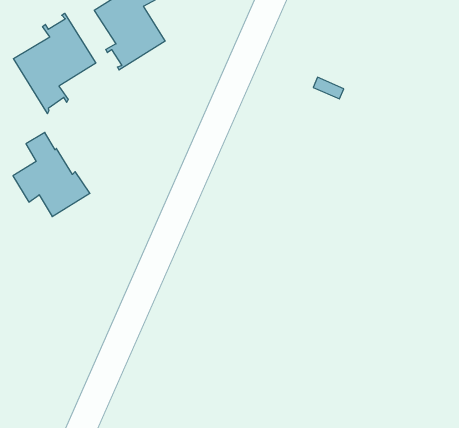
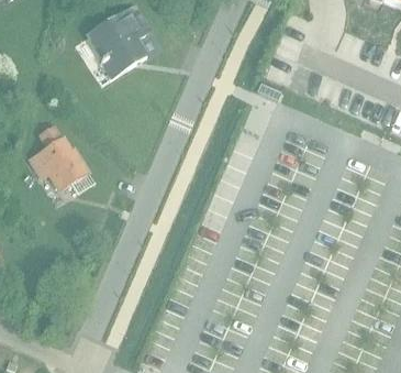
building: [13,13,96,114] -> none

